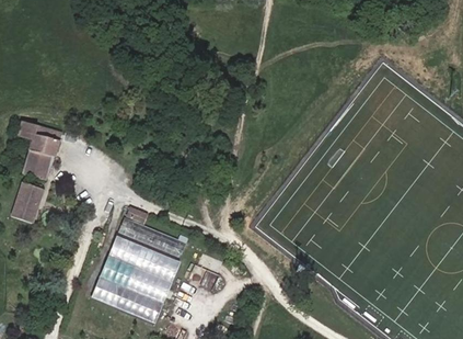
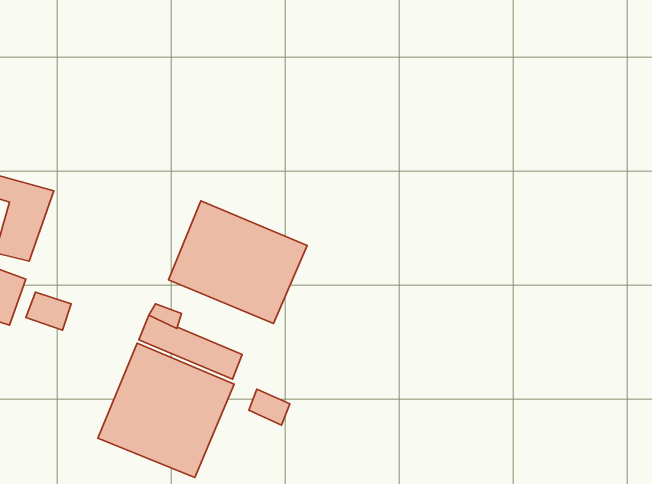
building: none -> [169,201,307,323]
building: none -> [26,292,71,330]

